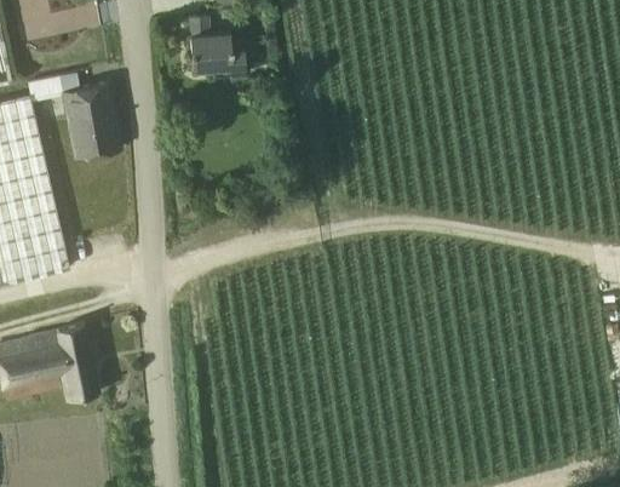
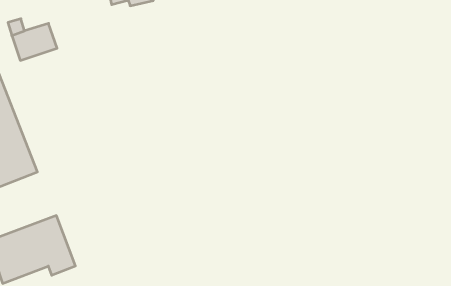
building: [67,115,120,156] -> none

